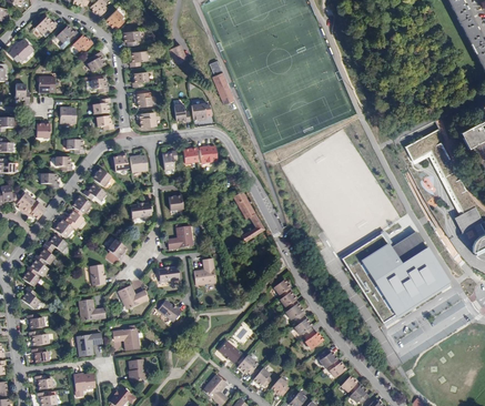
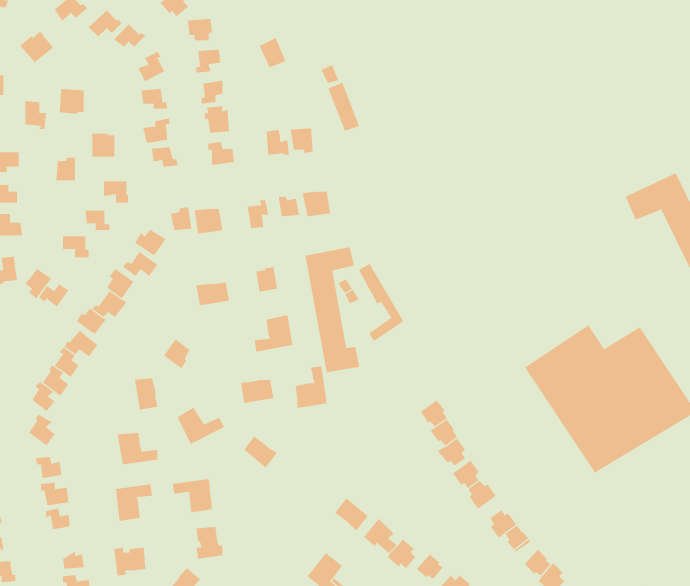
building: none -> [305,246,360,373]

